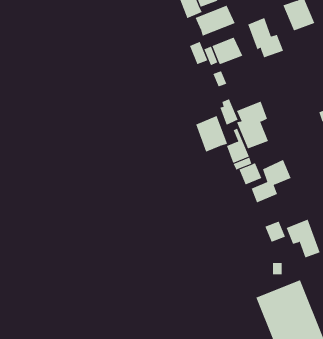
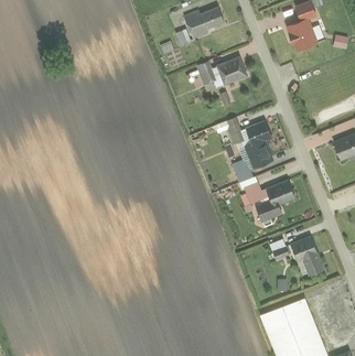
building: [195,5,235,37] -> none
building: [248,17,284,58] -> none
building: [195,115,228,152] -> none

